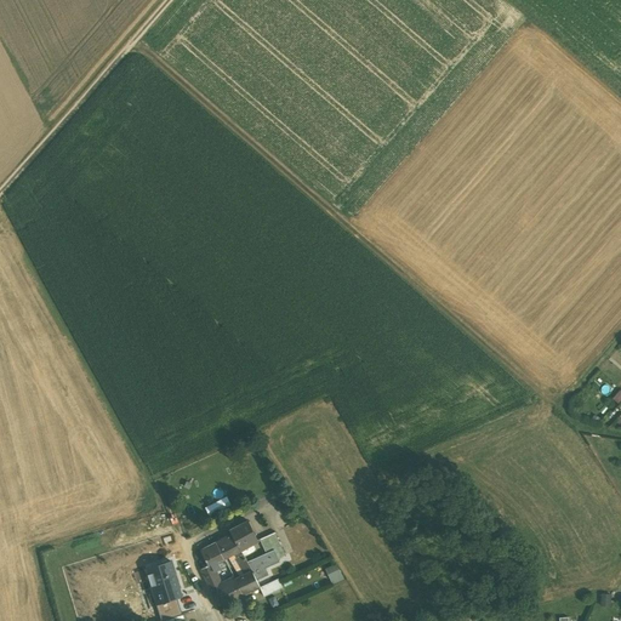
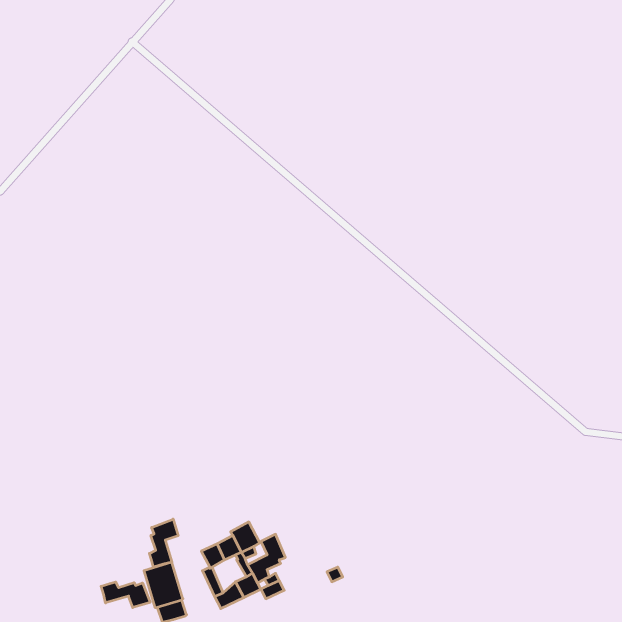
building: none -> [149,519,178,567]
building: none -> [101,582,150,608]

